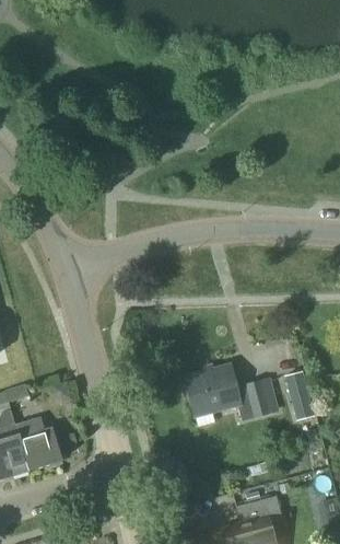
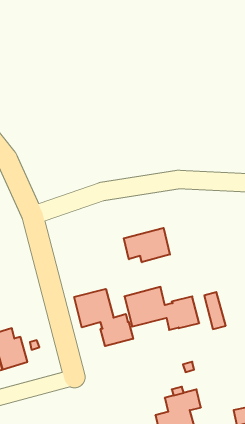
building: none -> [124,228,170,262]
building: none -> [74,289,133,346]

